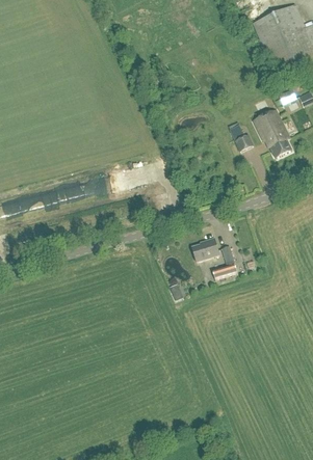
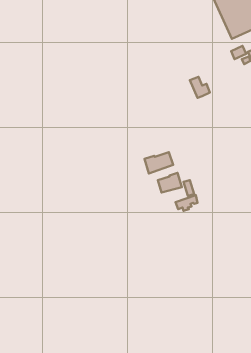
building: [254,109,291,156] -> none
building: none -> [144,152,173,173]

